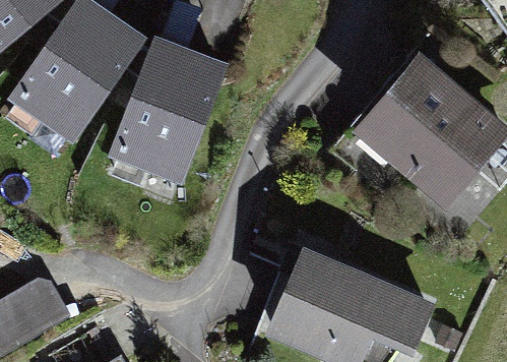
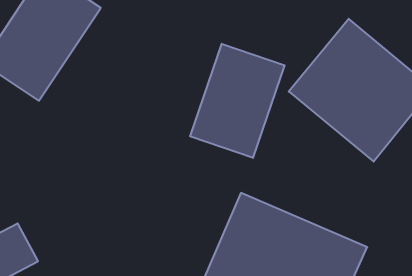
building: [115,39,228,182] -> none
building: none -> [190,44,285,158]

